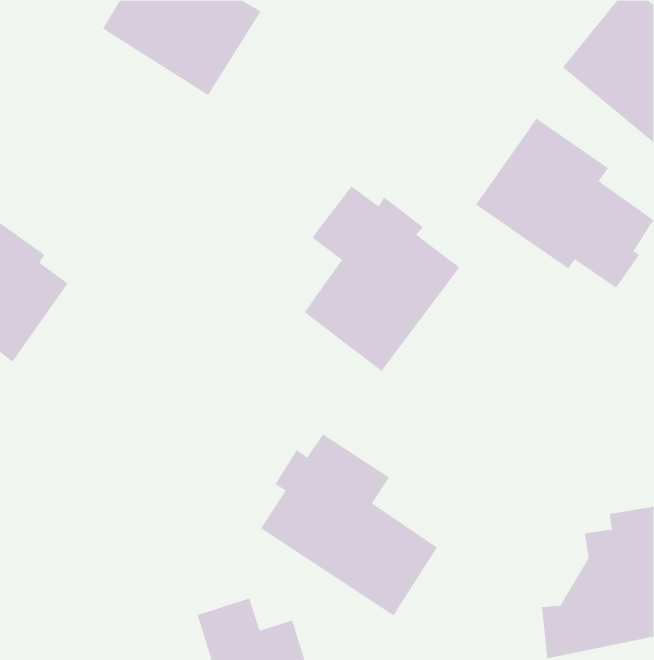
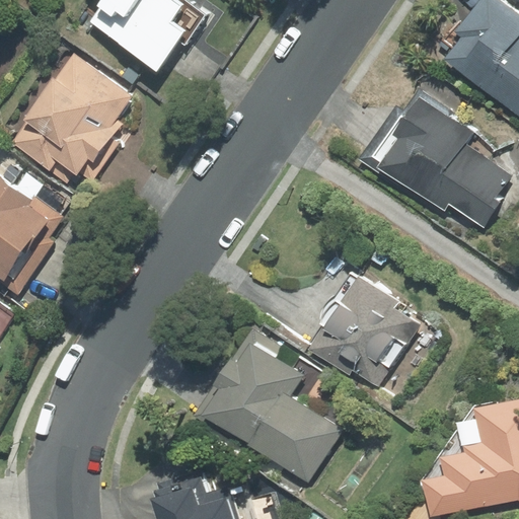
building: none -> [9,52,136,188]
building: [304,185,460,372] -> none
building: none -> [304,272,420,385]

